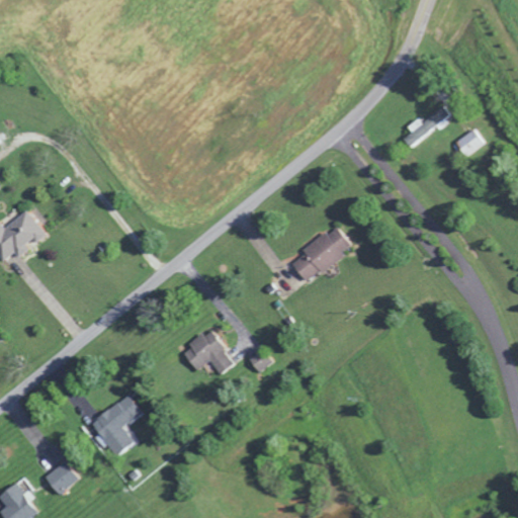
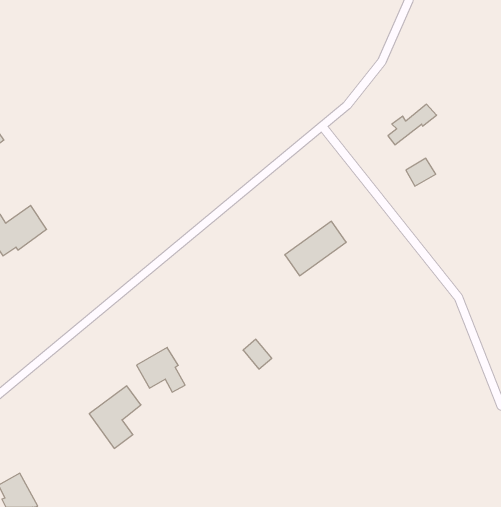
building: [449,128,480,157] -> [406,158,436,186]
building: [183,330,233,375] -> [137,347,185,392]
building: [46,460,80,495] -> none

